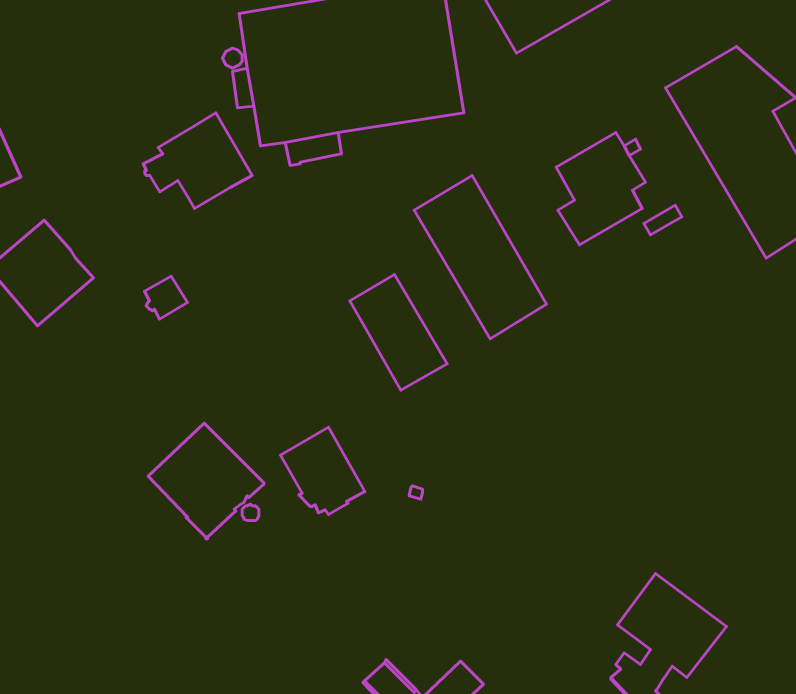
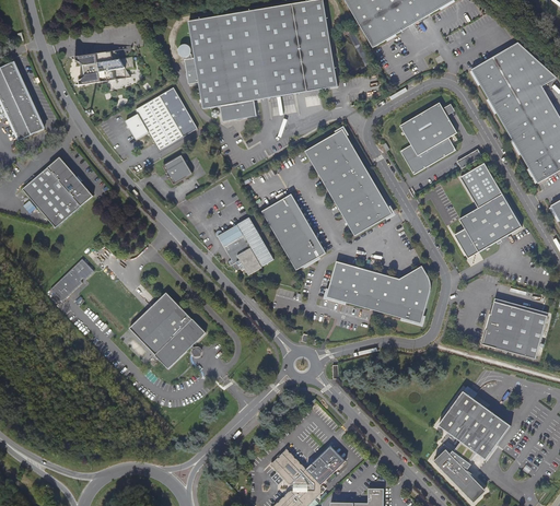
building: none -> [74,49,130,84]
building: none -> [453,161,520,252]
building: [145,276,188,319] -> [163,155,191,184]
building: none -> [50,258,93,301]
building: none -> [326,261,430,322]
building: [281,427,365,515] -> [217,216,272,274]
building: none -> [480,301,547,358]

